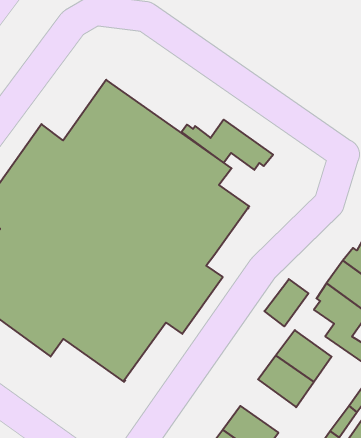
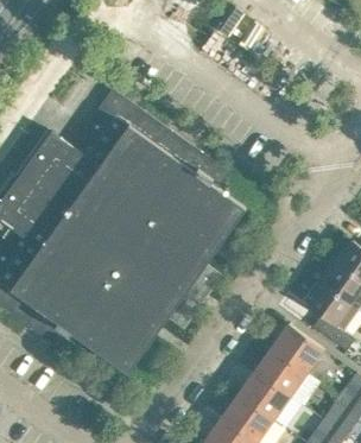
building: [182,120,273,170] -> none
building: [264,279,308,326] -> none
building: none -> [238,372,290,422]

